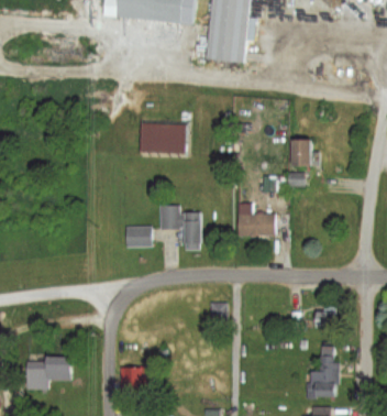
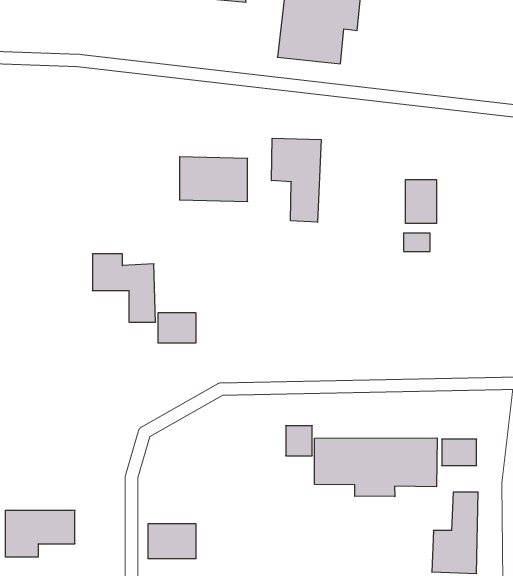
building: none -> [271,138,321,222]
building: [159,205,201,250] -> [92,254,156,322]
building: [237,214,275,236] -> none
building: none -> [315,438,437,497]

